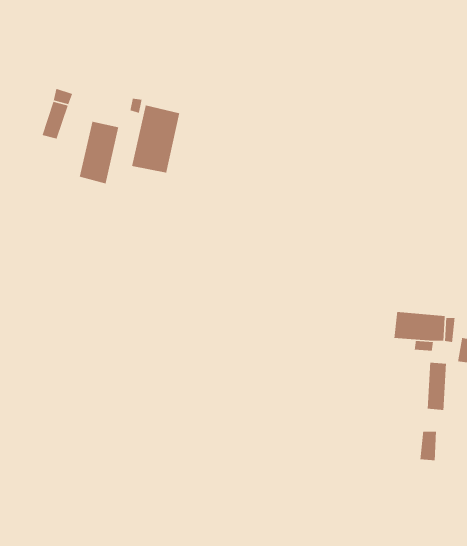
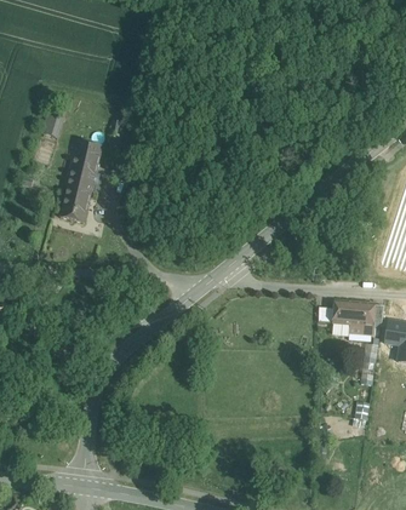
building: [131,104,180,174] -> none
building: none -> [59,187,90,222]

